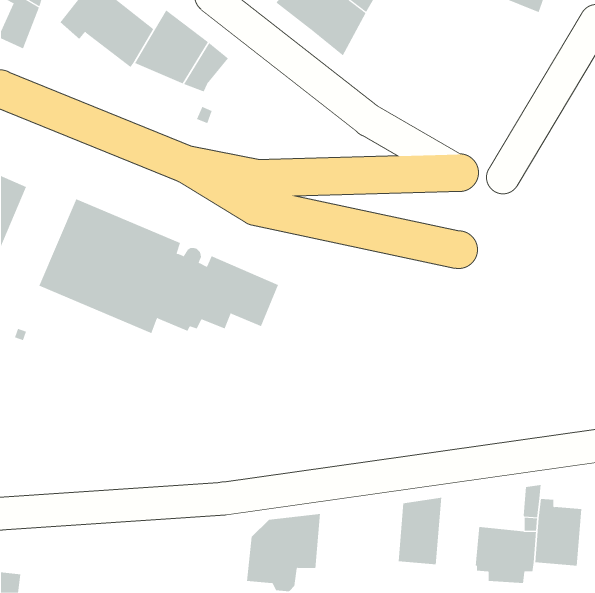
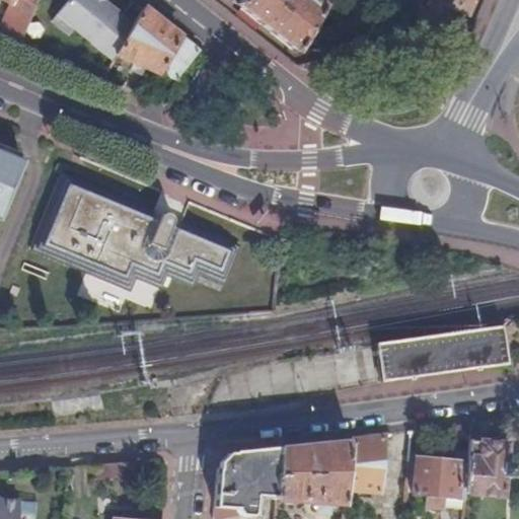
building: none -> [378,327,509,381]
building: none -> [276,437,351,503]

